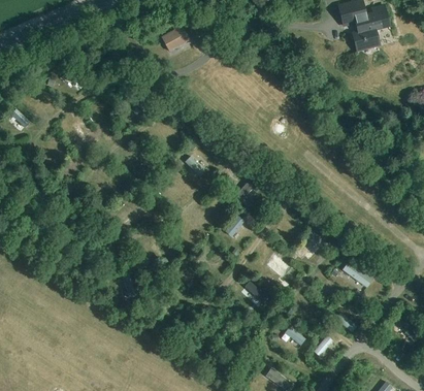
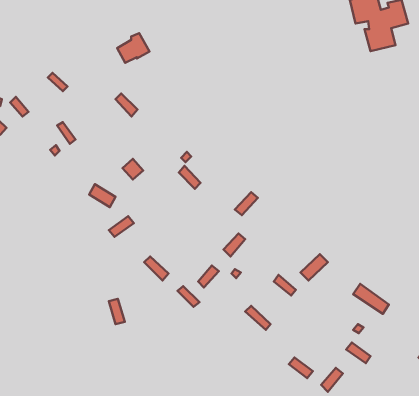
building: [162,25,191,52] -> [117,33,149,63]

